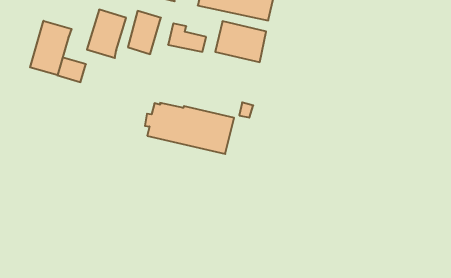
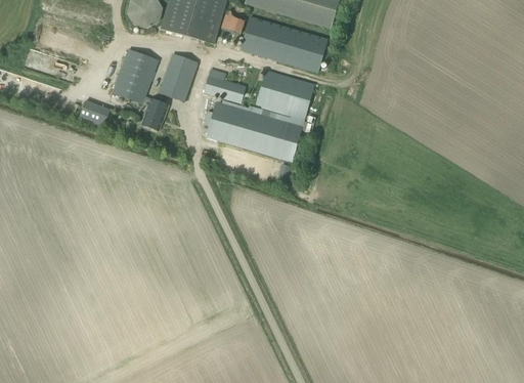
building: [30,21,72,75] -> none
building: none -> [141,95,168,131]
building: [145,103,234,154] -> [204,99,304,161]

